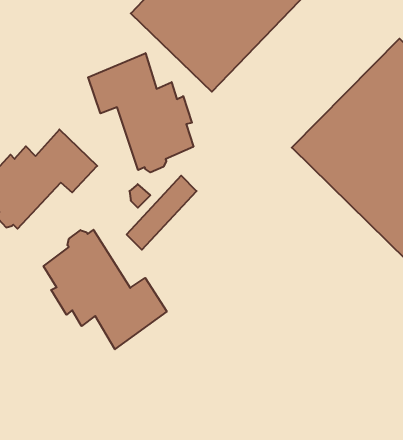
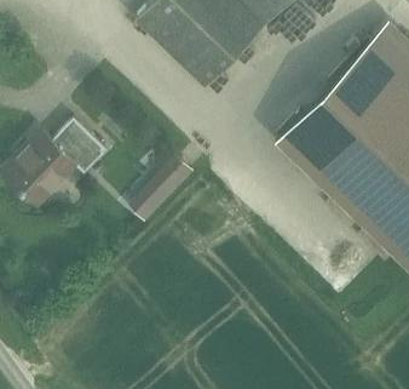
building: [88,53,193,172] -> none
building: [44,230,167,349] -> none

